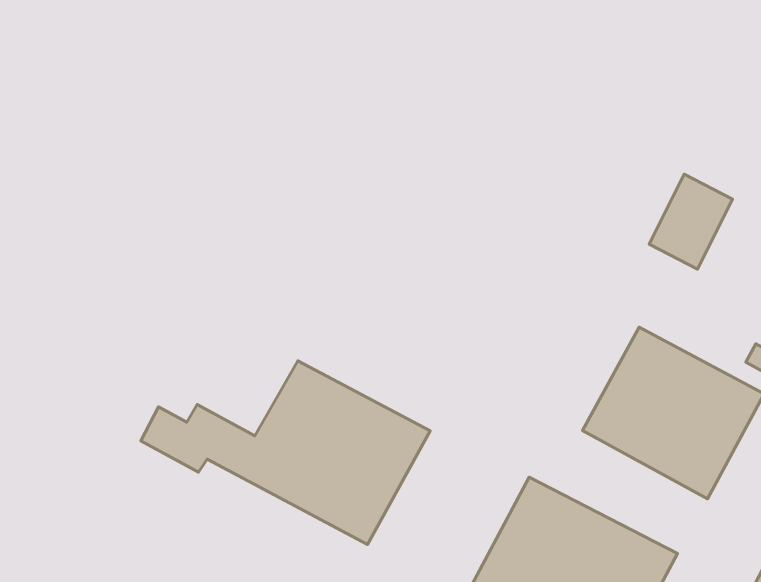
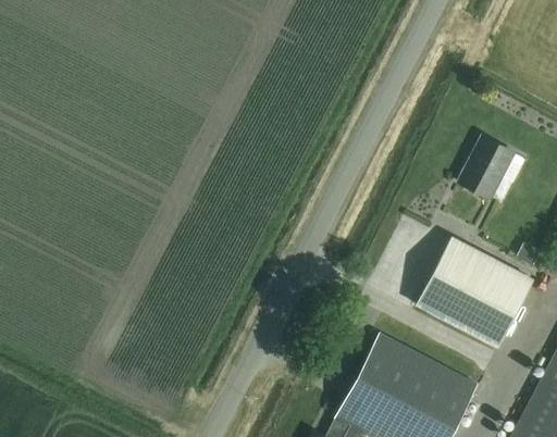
building: [141,361,430,544] -> none

